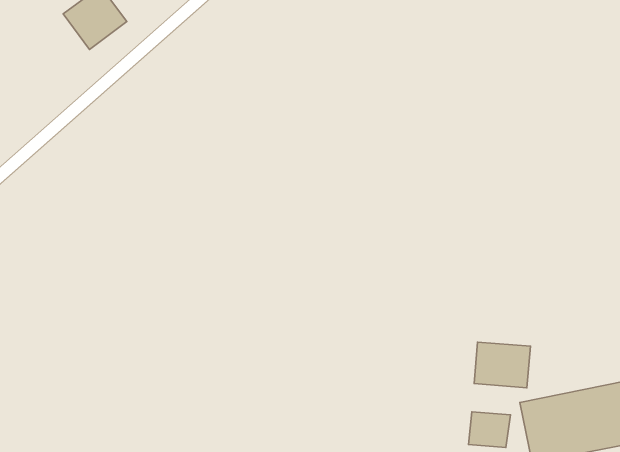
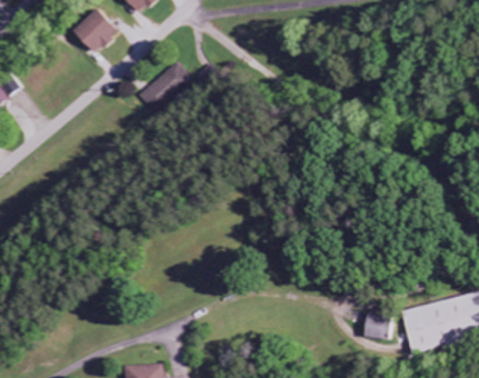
building: none -> [139,61,193,112]
building: [474,342,530,388] -> none

